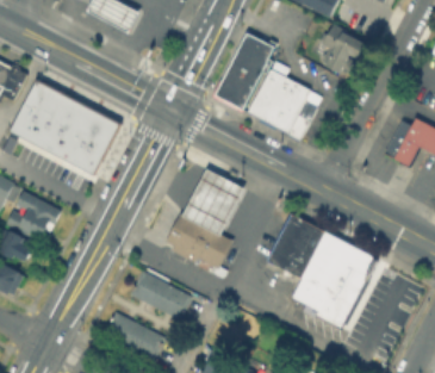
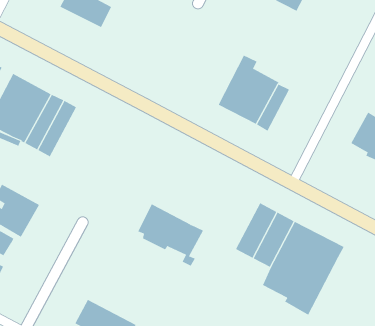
building: [325,31,367,73] -> none
building: [211,32,273,111] -> none
building: [75,114,119,174] -> none
building: [181,168,243,235] -> none
building: [128,271,191,321] -> none

